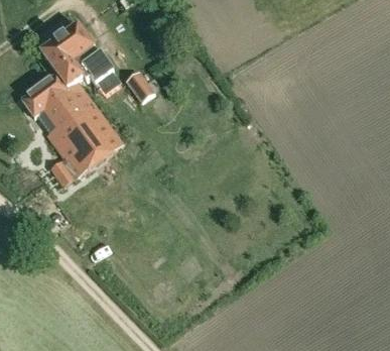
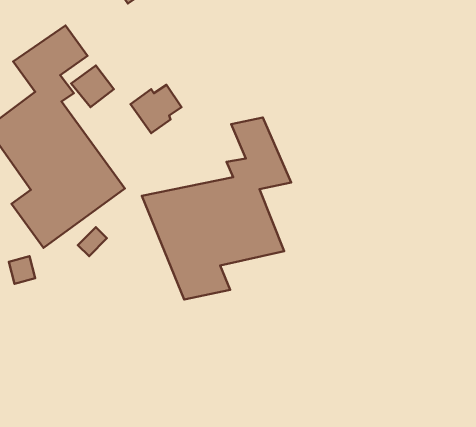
building: none -> [142,117,291,300]

